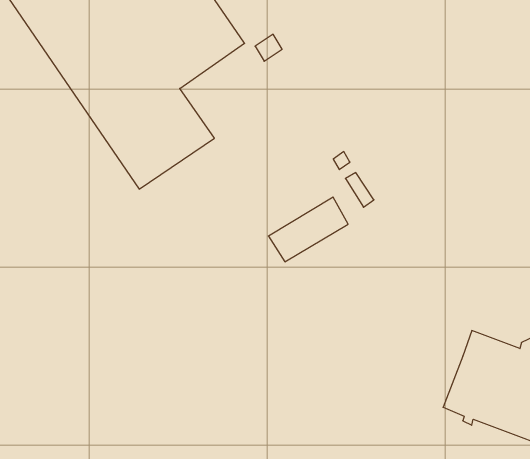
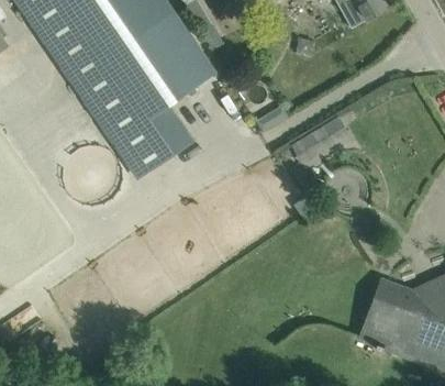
building: [268,197,348,262] -> [291,117,349,164]

